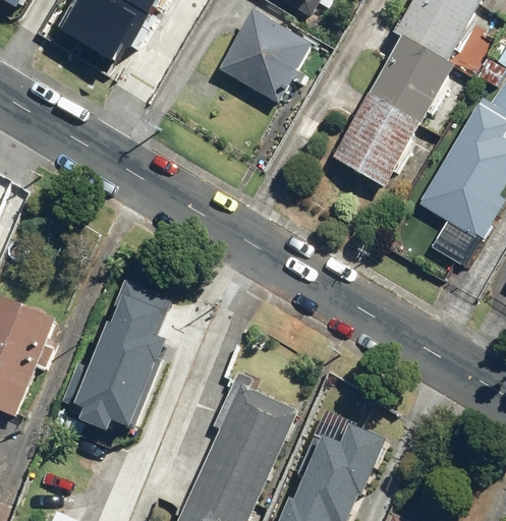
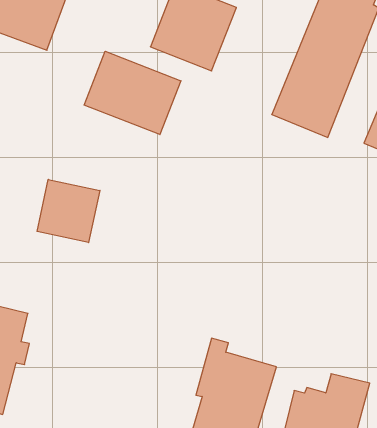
building: none -> [84,51,181,135]
building: none -> [37,179,100,243]
building: [56,271,177,441] -> none

